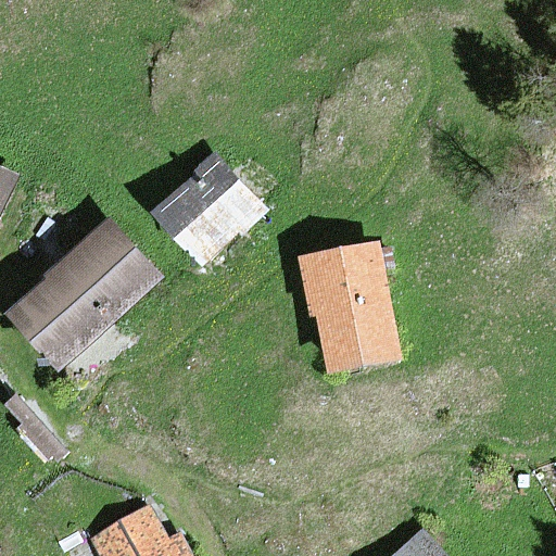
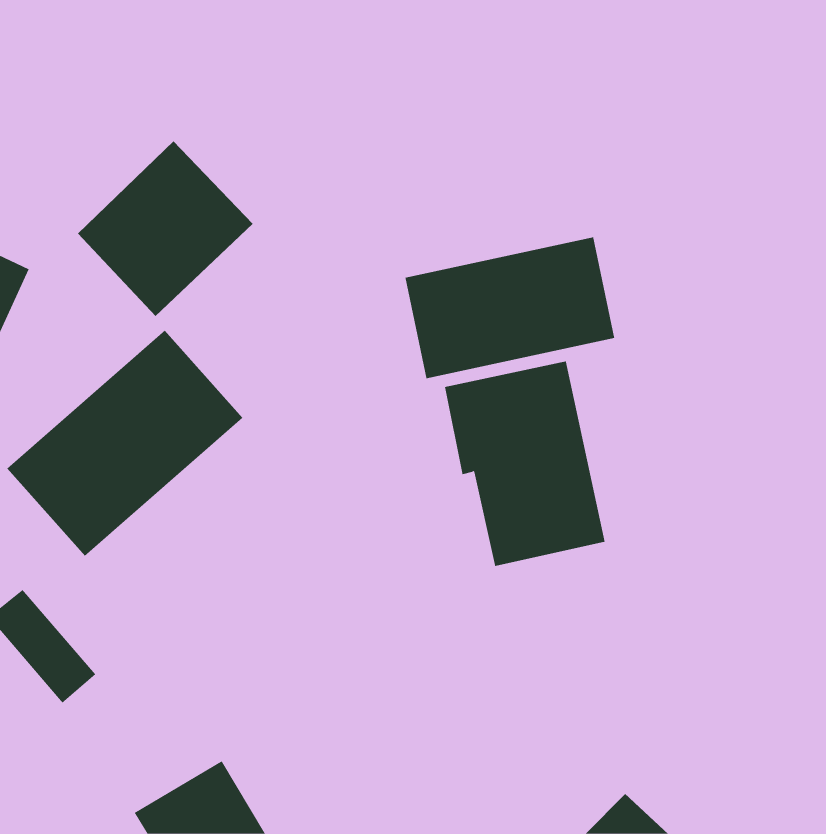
building: [150,152,267,269] -> [77,141,254,317]
building: none -> [405,237,615,379]

